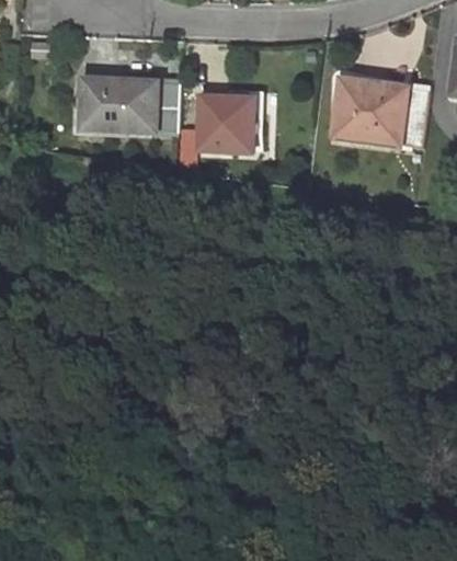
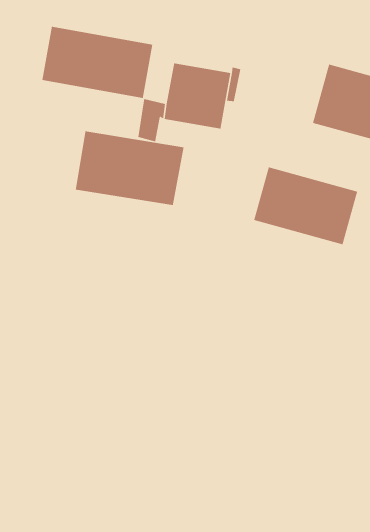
building: none -> [75,131,184,206]
building: none -> [253,166,358,245]

